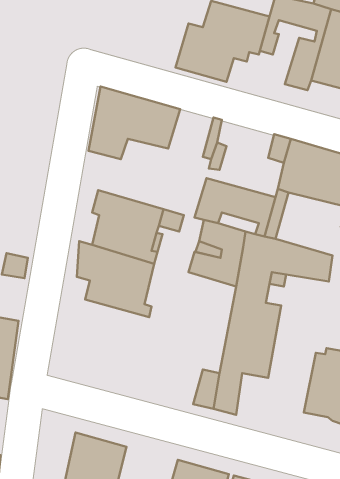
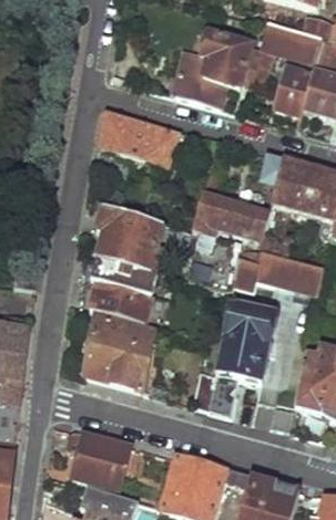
building: none -> [86,312,157,388]

